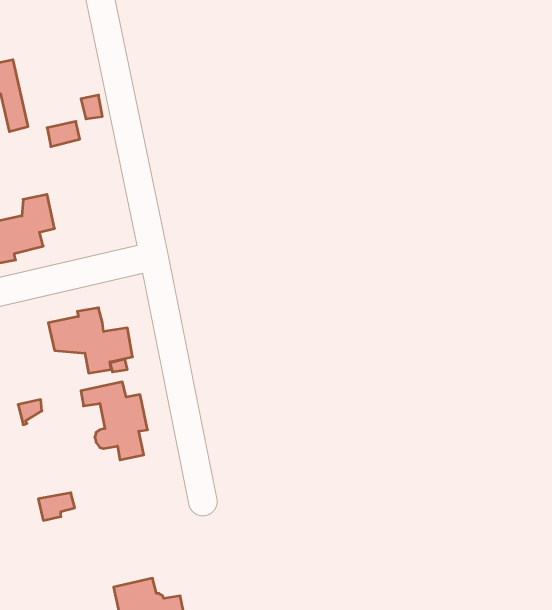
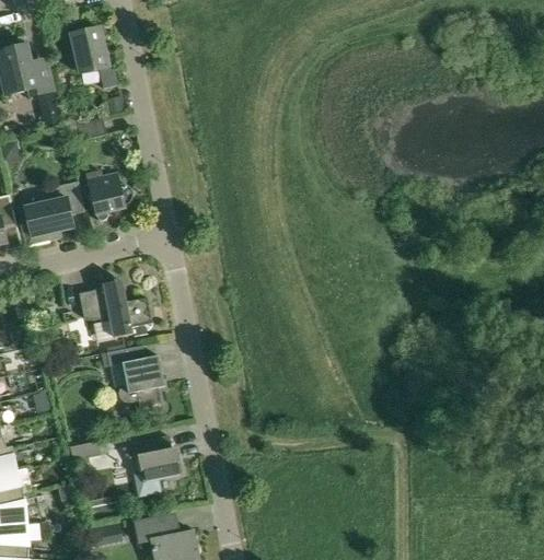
building: none -> [69,26,116,88]
building: none -> [84,171,131,220]
building: none -> [126,438,181,497]

